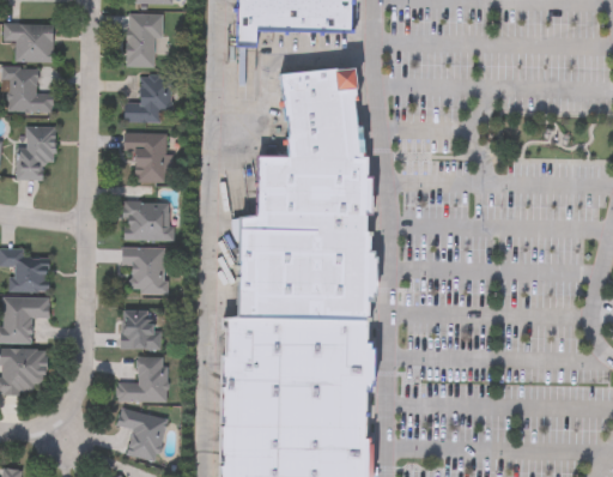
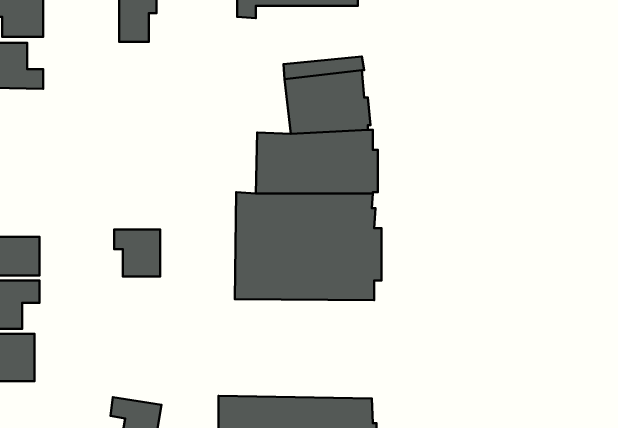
building: [281,64,359,89] -> none
building: [123,76,172,123] -> none
building: [19,126,55,180] -> none
building: [123,132,168,182] -> none
building: [122,203,171,241] -> none
building: [121,309,160,349] -> none
building: [221,314,375,411] -> none
building: [116,357,166,403] -> none

